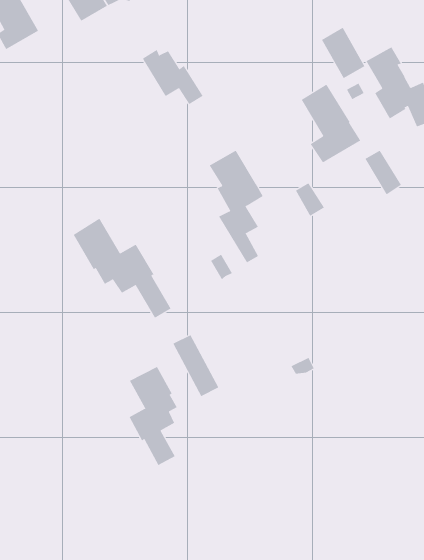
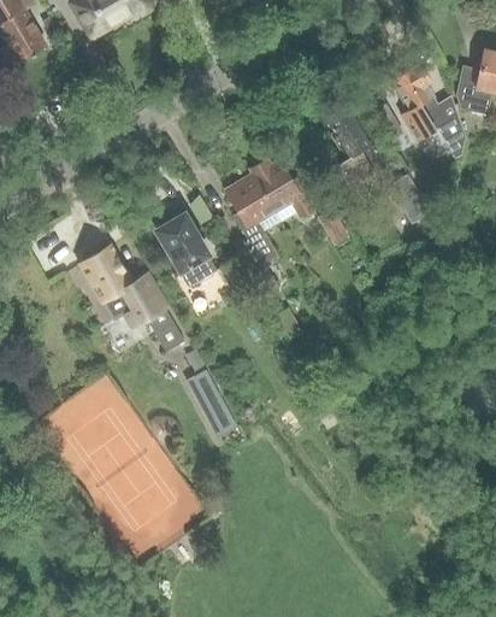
building: [321,27,365,79] -> none
building: [142,49,204,105] -> [252,158,317,217]
building: none -> [157,213,218,287]
building: [129,366,177,466] -> none

